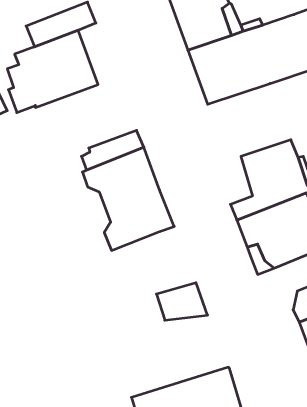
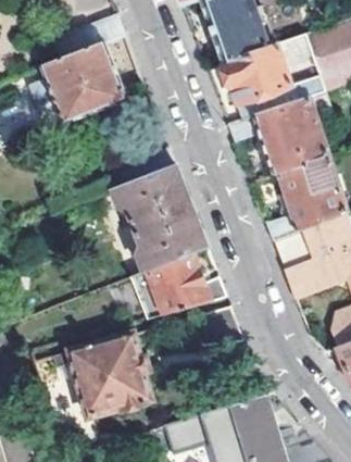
building: none -> [228,97,329,174]
building: none -> [129,251,226,317]
building: none -> [35,333,151,420]

